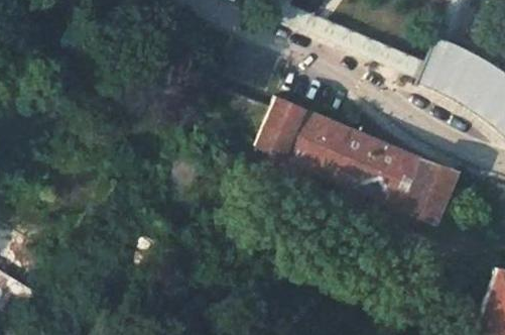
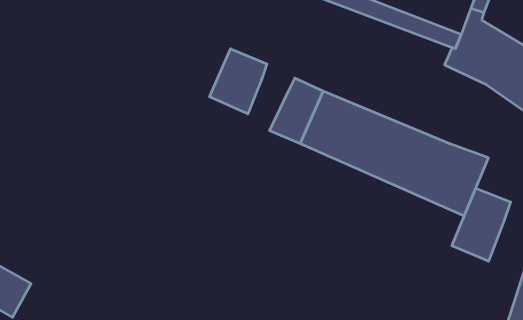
building: none -> [210,49,267,114]
building: none -> [452,188,511,261]

